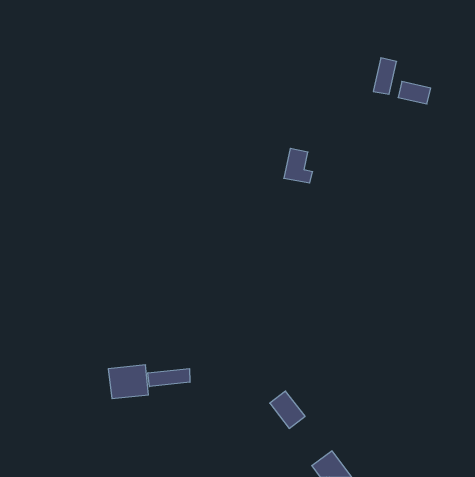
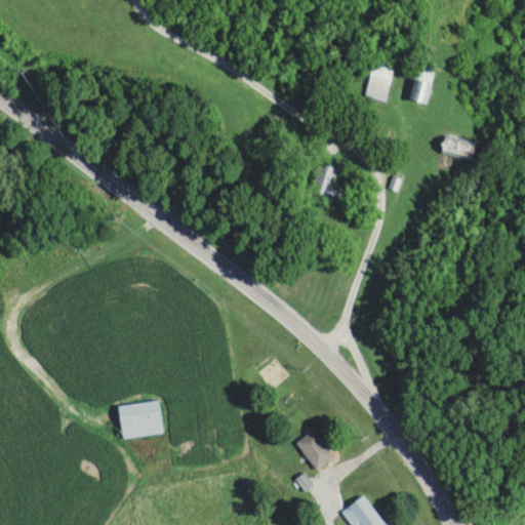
building: none -> [365,64,394,102]
building: [398,81,431,104] -> [441,135,477,160]
building: [148,369,190,387] -> none

